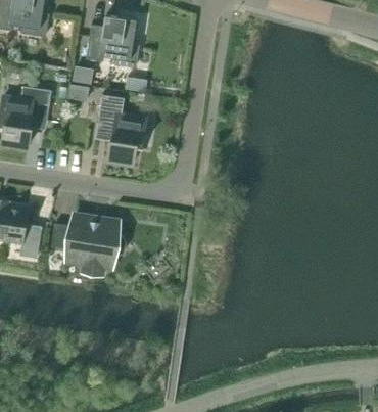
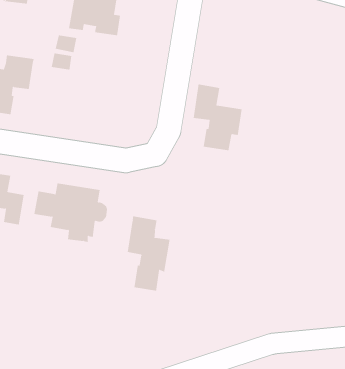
building: [97,94,147,162] -> [193,84,242,151]
building: none -> [127,215,170,291]

